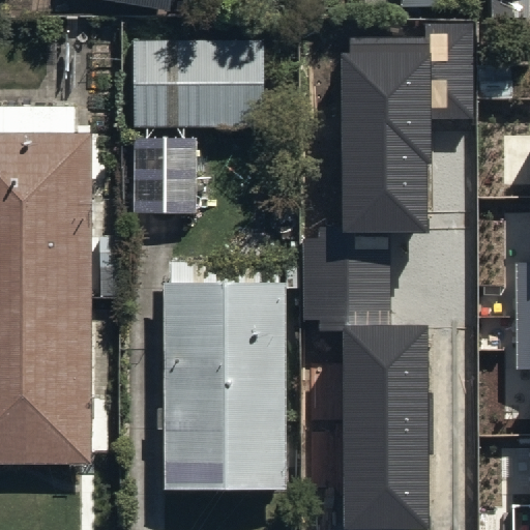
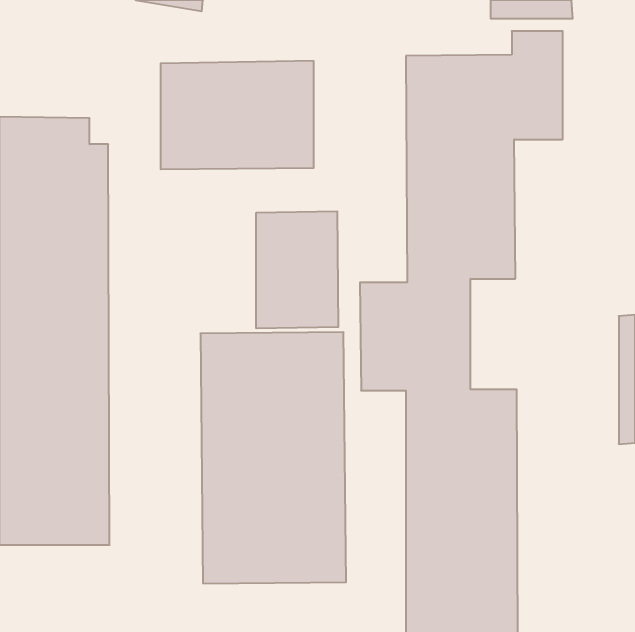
building: none -> [256,211,338,328]

